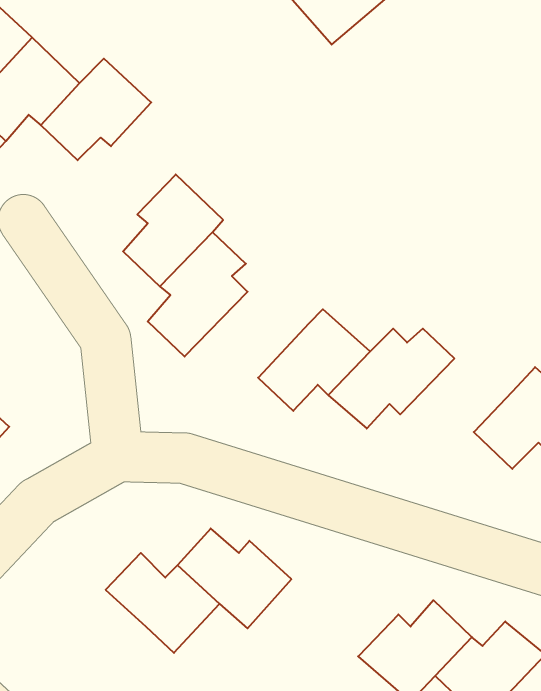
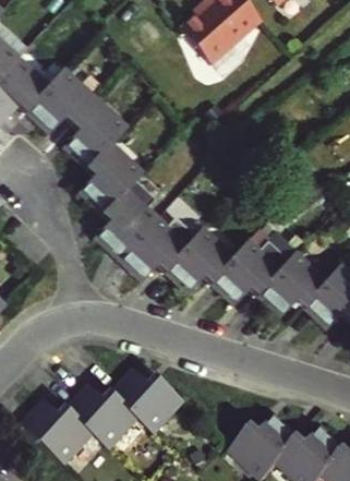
building: none -> [65,100,126,170]
building: none -> [117,218,194,281]
building: none -> [251,252,321,317]
building: none -> [23,397,93,459]

